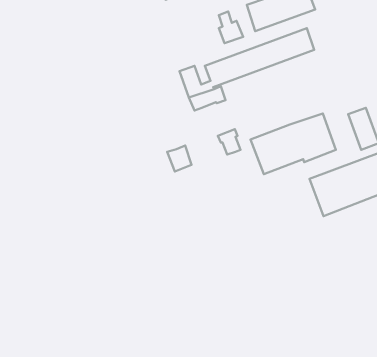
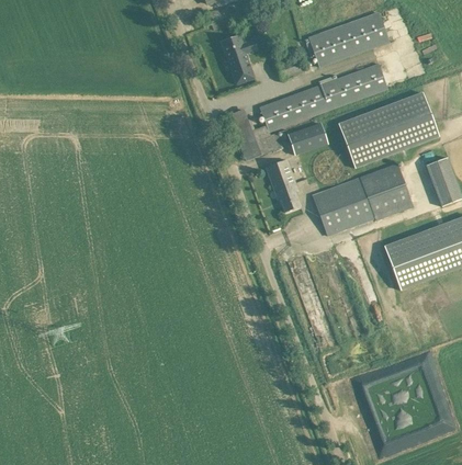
building: none -> [222,35,255,84]
building: none -> [337,91,438,167]
building: none -> [286,124,327,155]
building: [167,145,192,172] -> [266,159,294,190]

